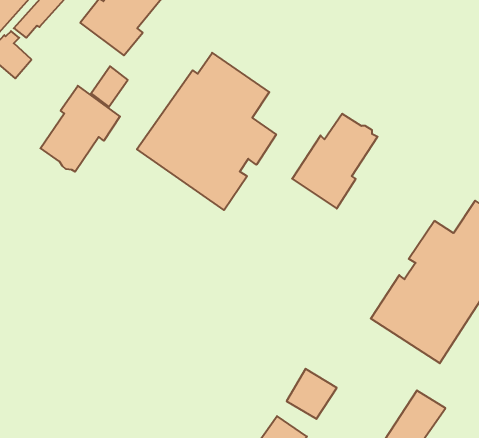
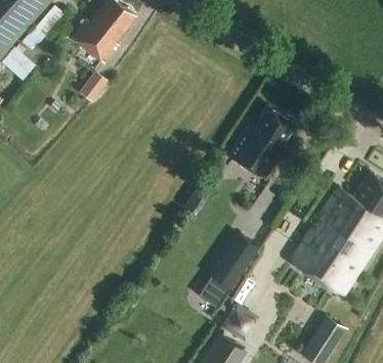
building: [137,53,276,210] -> none
building: [40,86,120,172] -> none
building: none -> [198,234,260,310]

